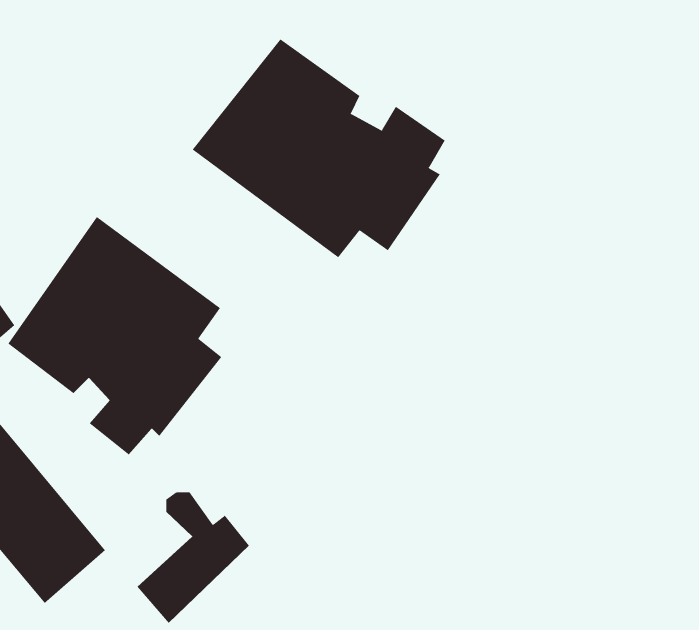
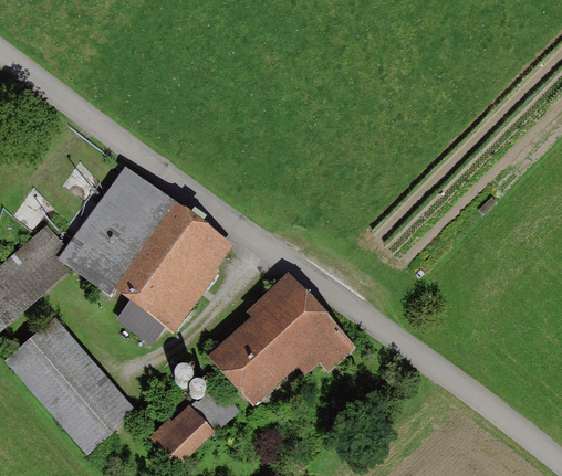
building: [192,38,446,258] -> none
building: none -> [214,274,351,404]

